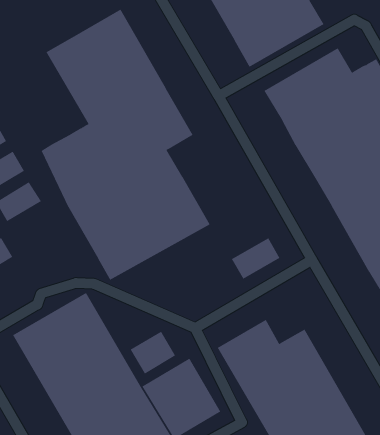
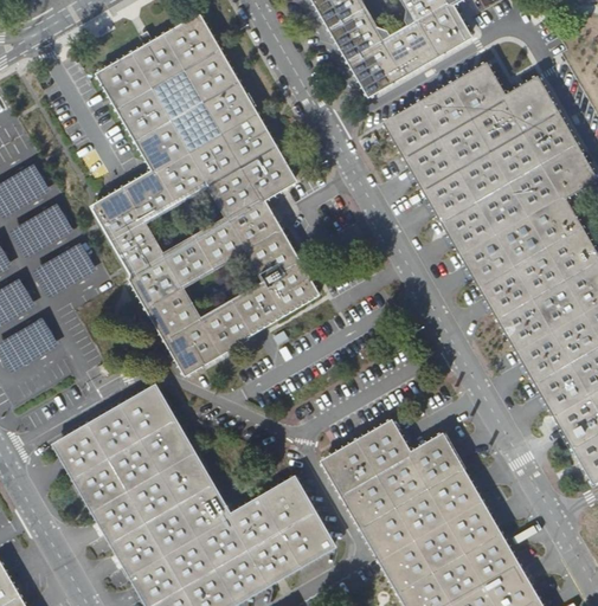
building: [231,238,280,280] -> none
building: [130,331,176,374] -> none

